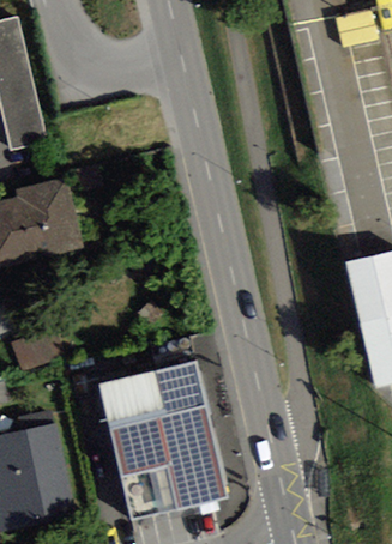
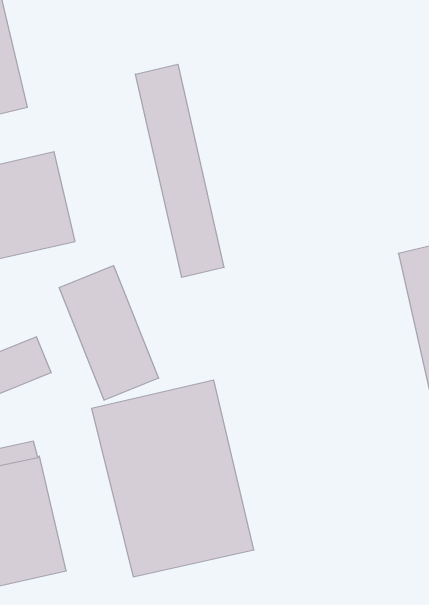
building: none -> [135,64,224,277]
building: none -> [59,266,159,400]

